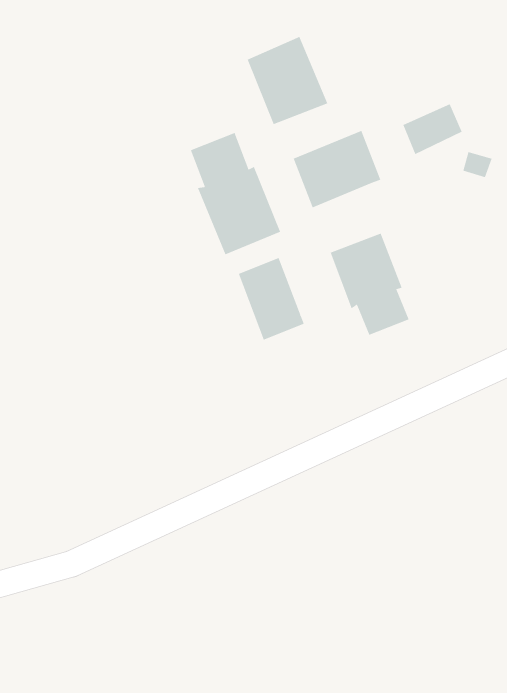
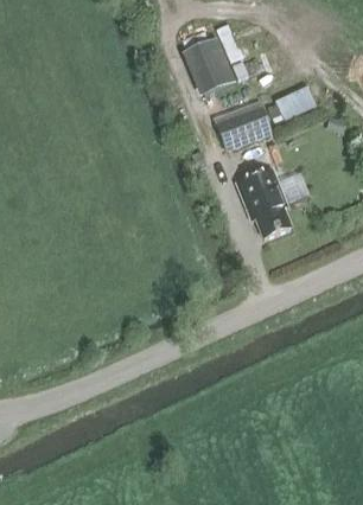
building: [190,132,281,255] -> none
building: [238,257,304,341] -> none

